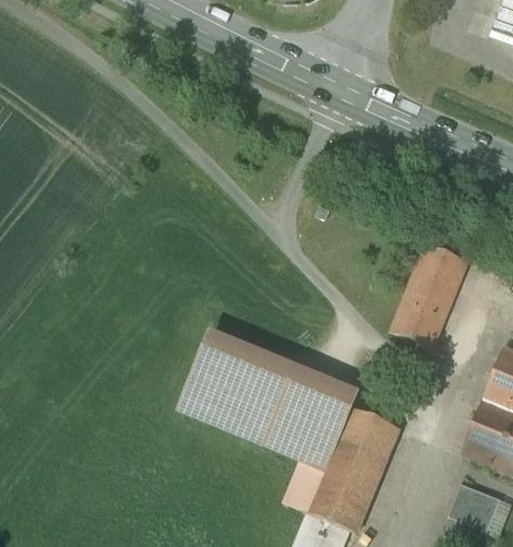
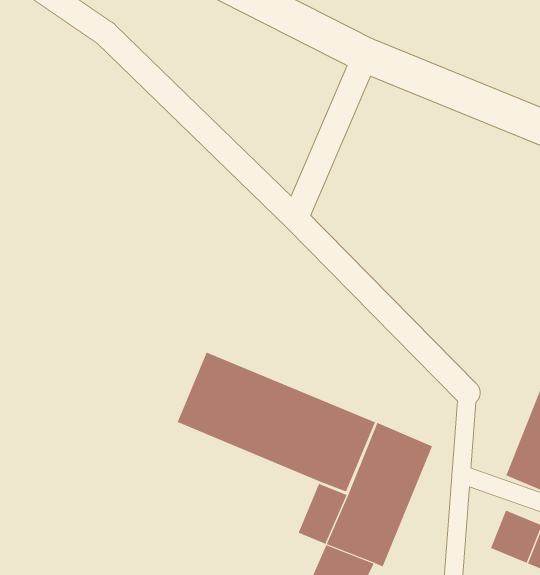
building: [391,245,466,348] -> none
building: [205,329,358,407] -> none

